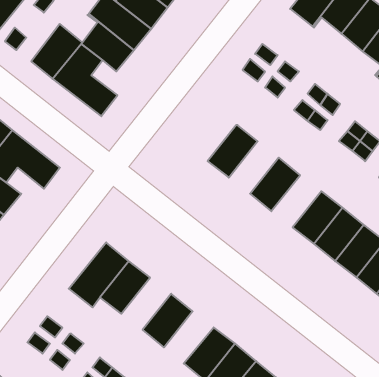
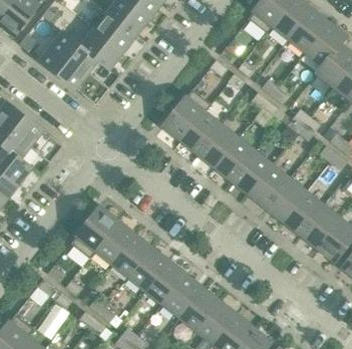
building: none -> [163,89,212,141]
building: none -> [199,125,239,167]
building: none -> [233,152,273,195]
building: none -> [112,235,152,277]
building: none -> [146,262,187,304]

